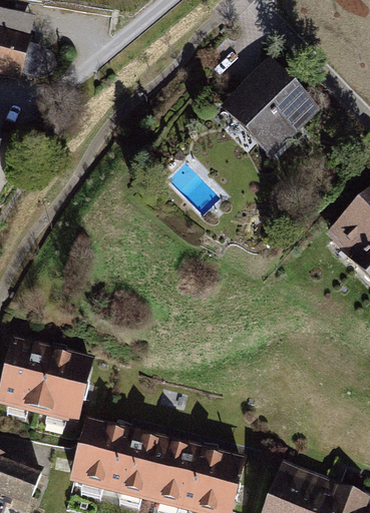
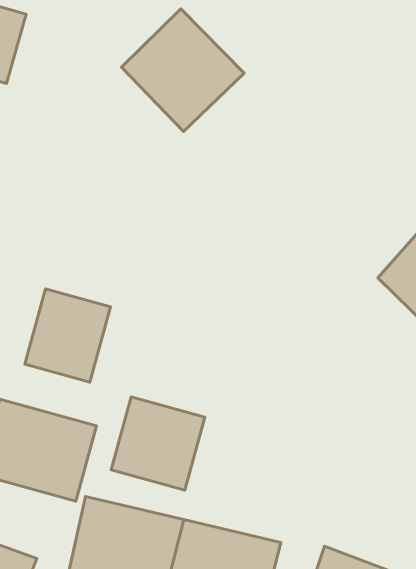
building: [214,55,315,156] -> [122,9,244,132]
building: none -> [25,289,111,382]
building: none -> [111,397,205,490]

